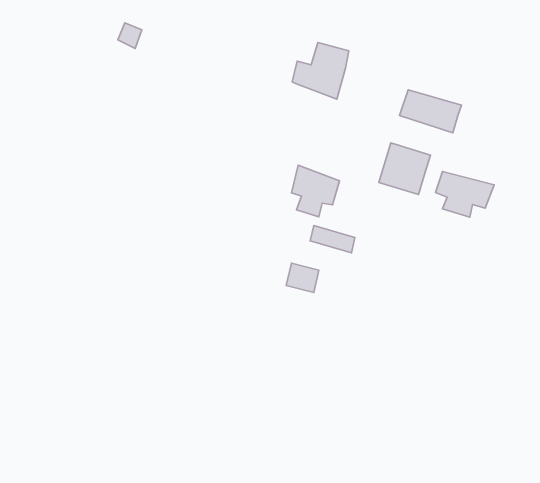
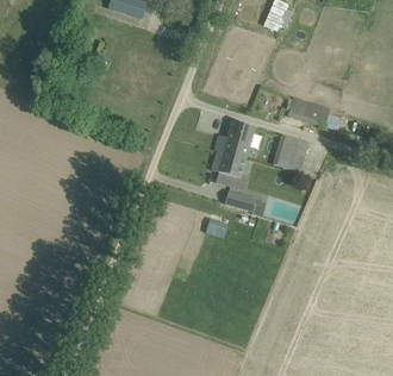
building: [292,42,349,99] -> [214,121,254,161]
building: [435,172,494,217] -> none

